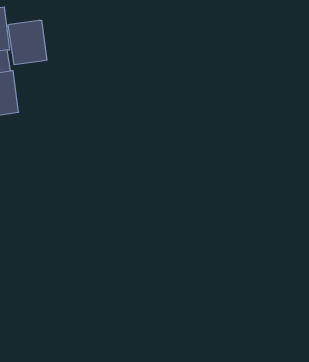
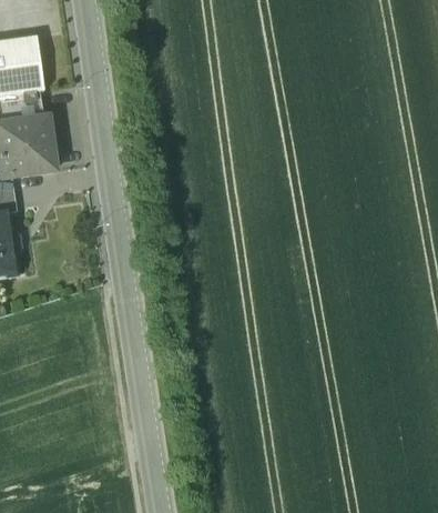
building: [8,20,47,65] -> none

